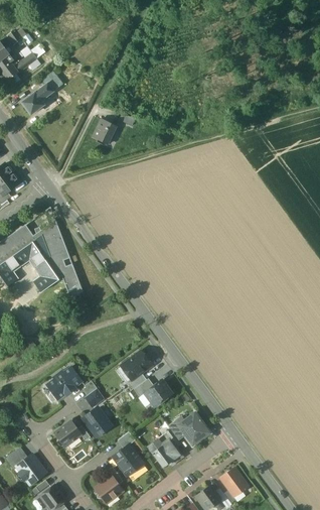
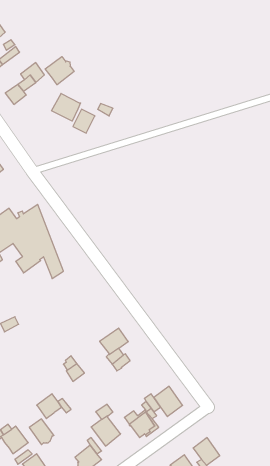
building: none -> [45,57,74,85]
building: none -> [52,93,81,121]
building: [46,366,82,399] -> none
building: [144,379,172,406] -> none
building: [84,408,110,435] -> [29,419,54,445]

